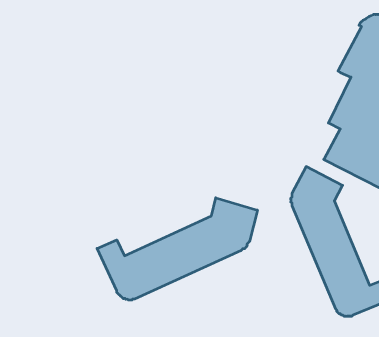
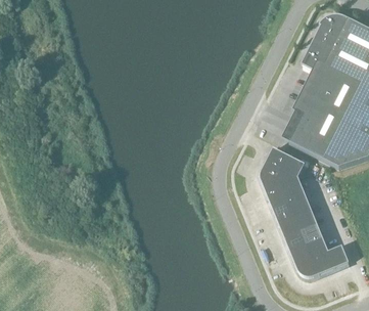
building: [97,198,257,300] -> none

